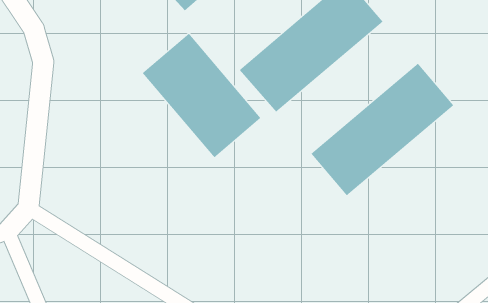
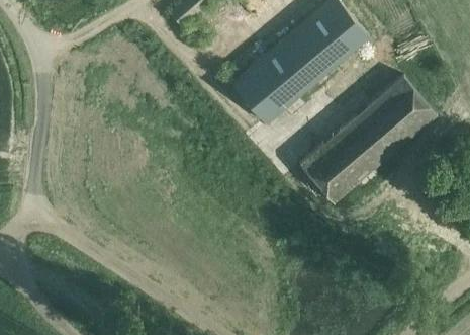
building: [142,33,261,158] -> none

